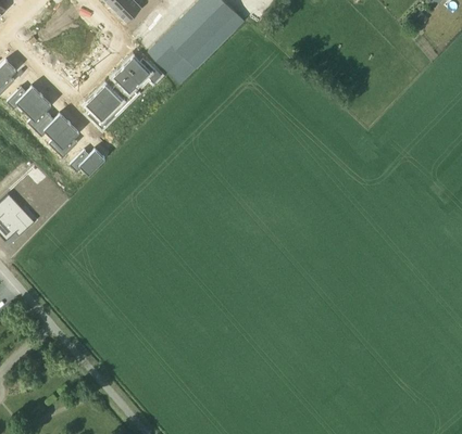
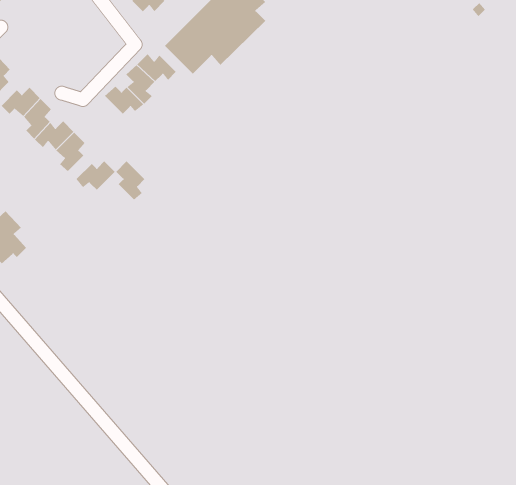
building: [86,93,112,128] -> [115,161,145,201]

